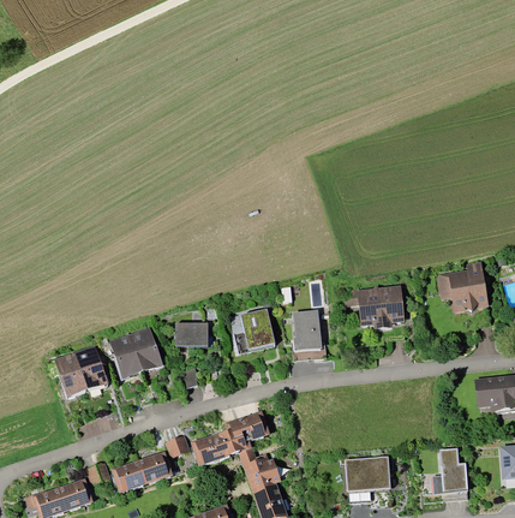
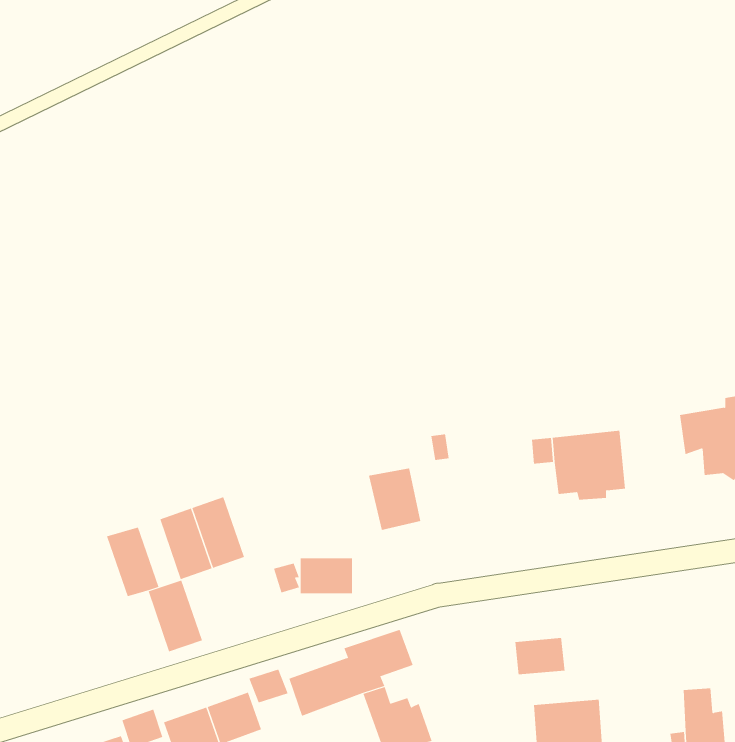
building: [292,310,321,351] -> none
building: [174,323,208,346] -> [300,558,353,594]
building: [53,352,88,398] -> [148,580,203,652]
building: none -> [515,637,565,675]

